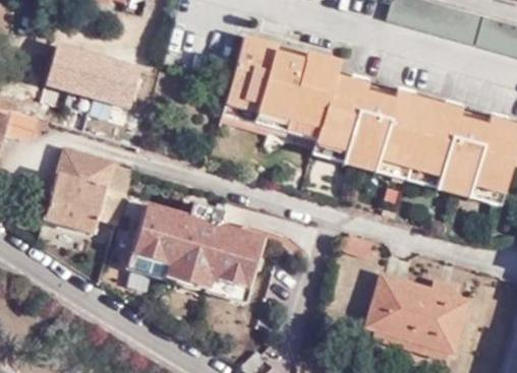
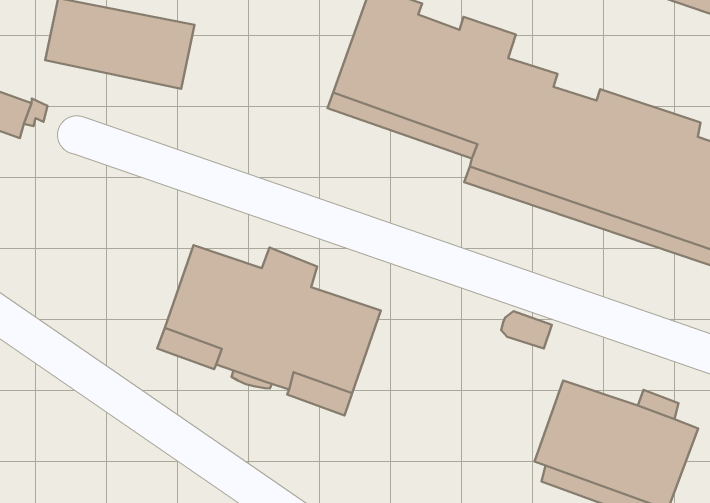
building: [43,145,131,234] -> none

